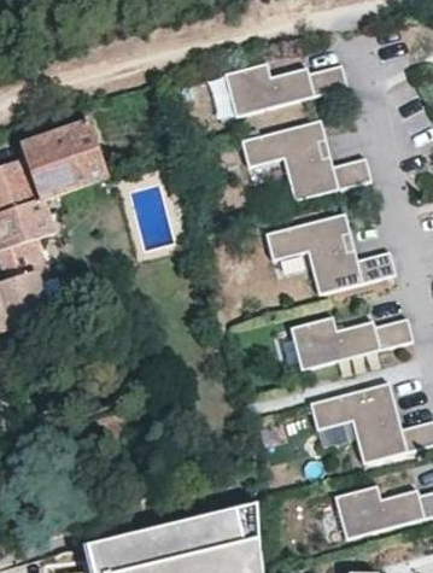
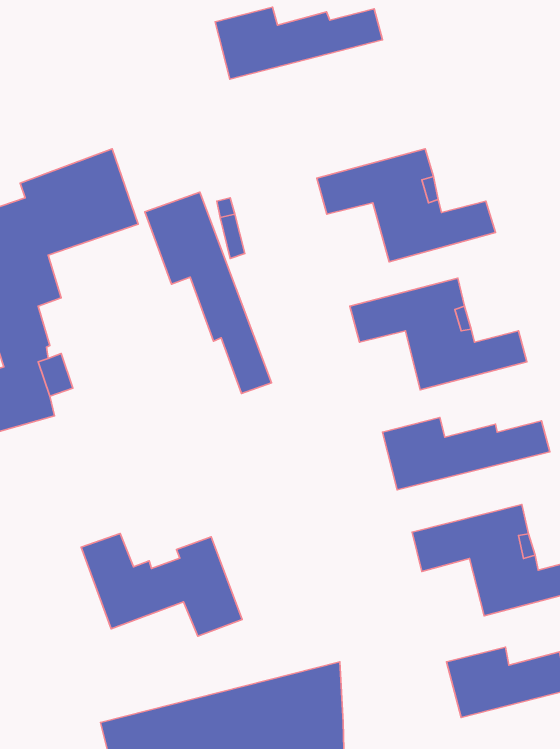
building: [223,64,346,117] -> [215,7,382,79]
building: none -> [145,192,271,393]
building: none -> [81,534,242,636]

